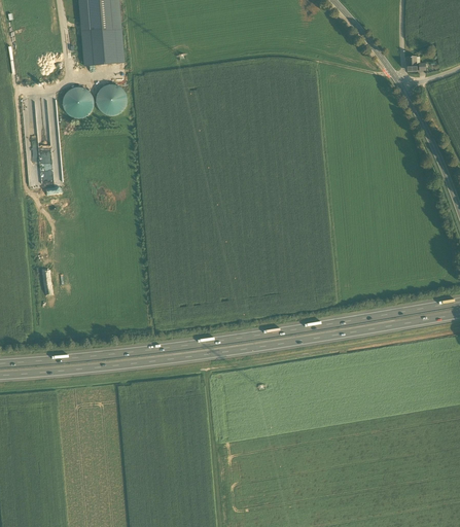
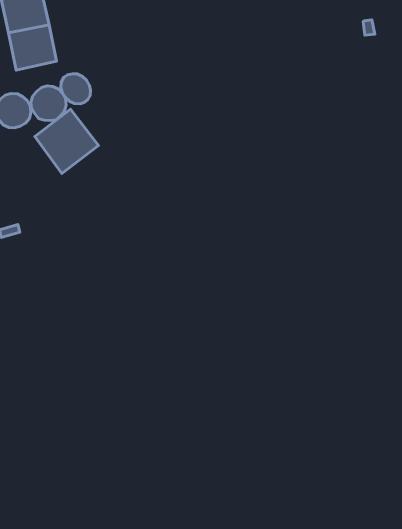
building: none -> [61,74,90,104]
building: none -> [35,109,99,174]

